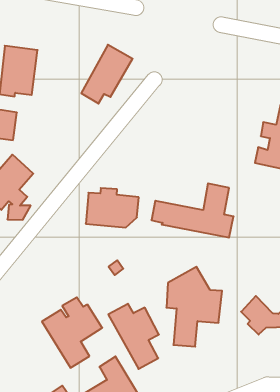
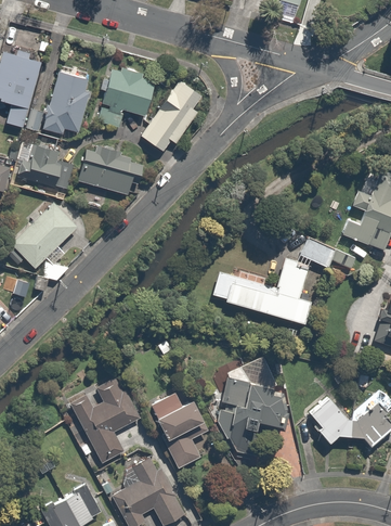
building: none -> [97,64,154,126]
building: none -> [299,235,354,270]
building: [86,188,139,227] -> [78,145,144,195]

